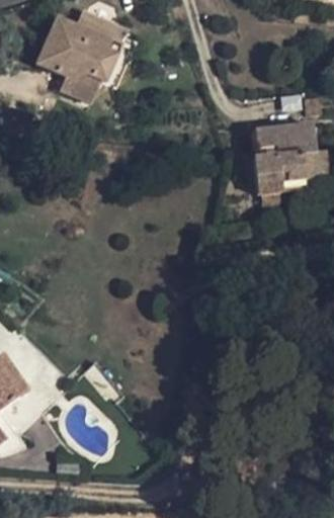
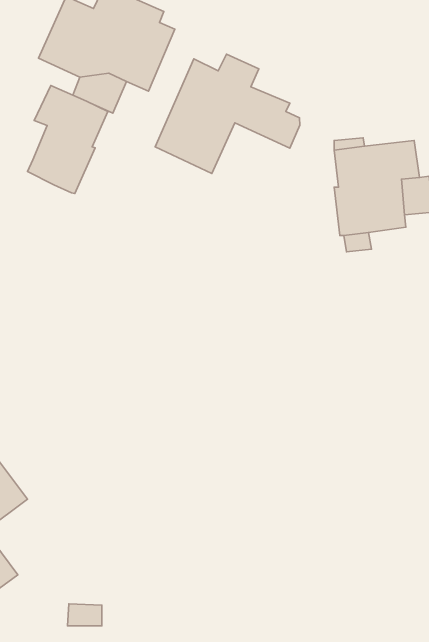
building: none -> [155,54,300,173]
building: none -> [28,85,108,194]

